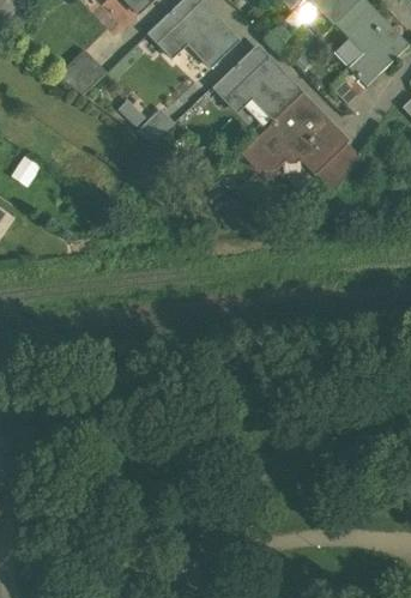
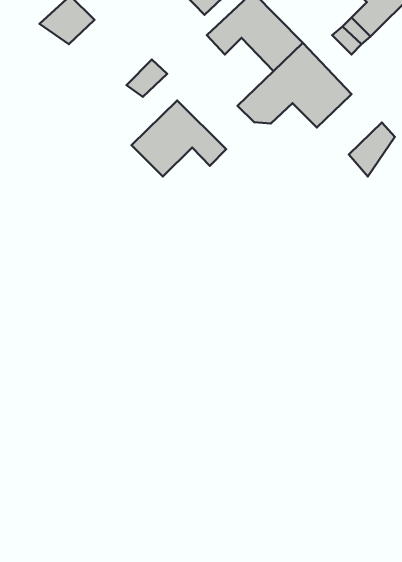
building: [316,141,359,192] -> [349,123,395,176]
building: none -> [131,100,226,177]

